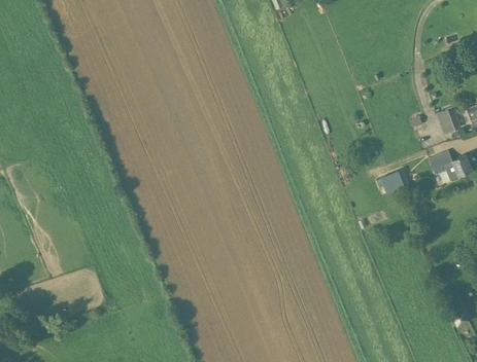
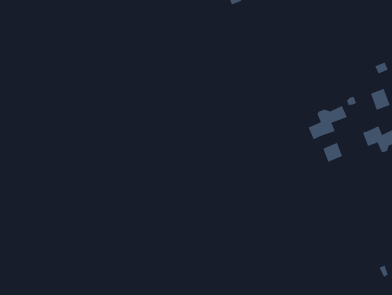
building: none -> [308,105,347,140]

